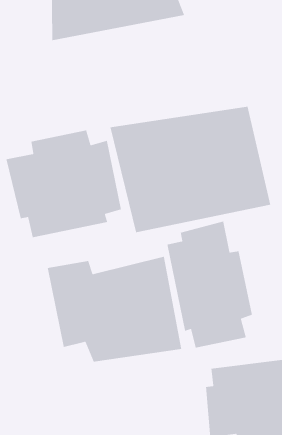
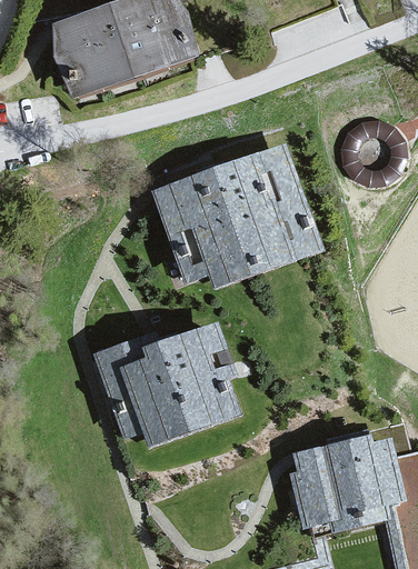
building: [5,130,122,238] -> none
building: [166,220,253,348] -> none

